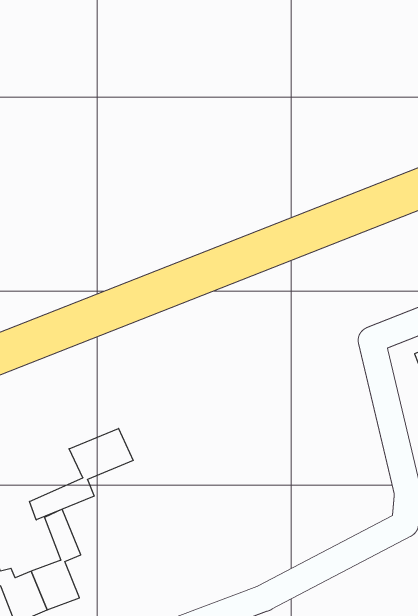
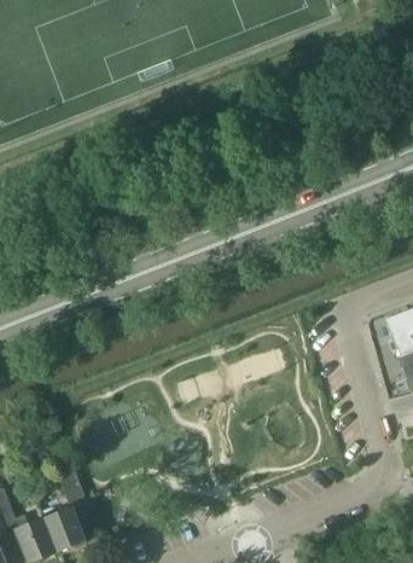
building: [30,428,133,520] -> none

